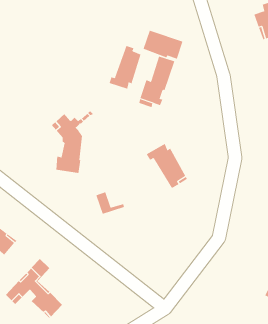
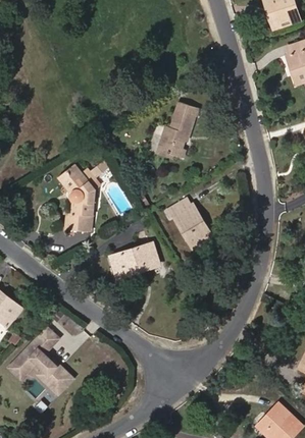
building: [143,30,183,60] -> none
building: [109,45,141,90] -> none
building: none -> [120,243,156,270]

